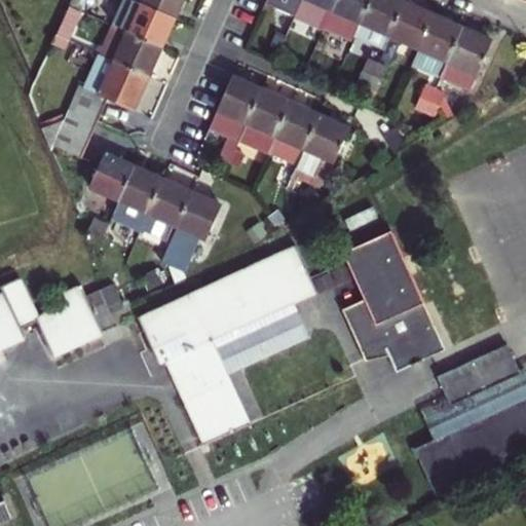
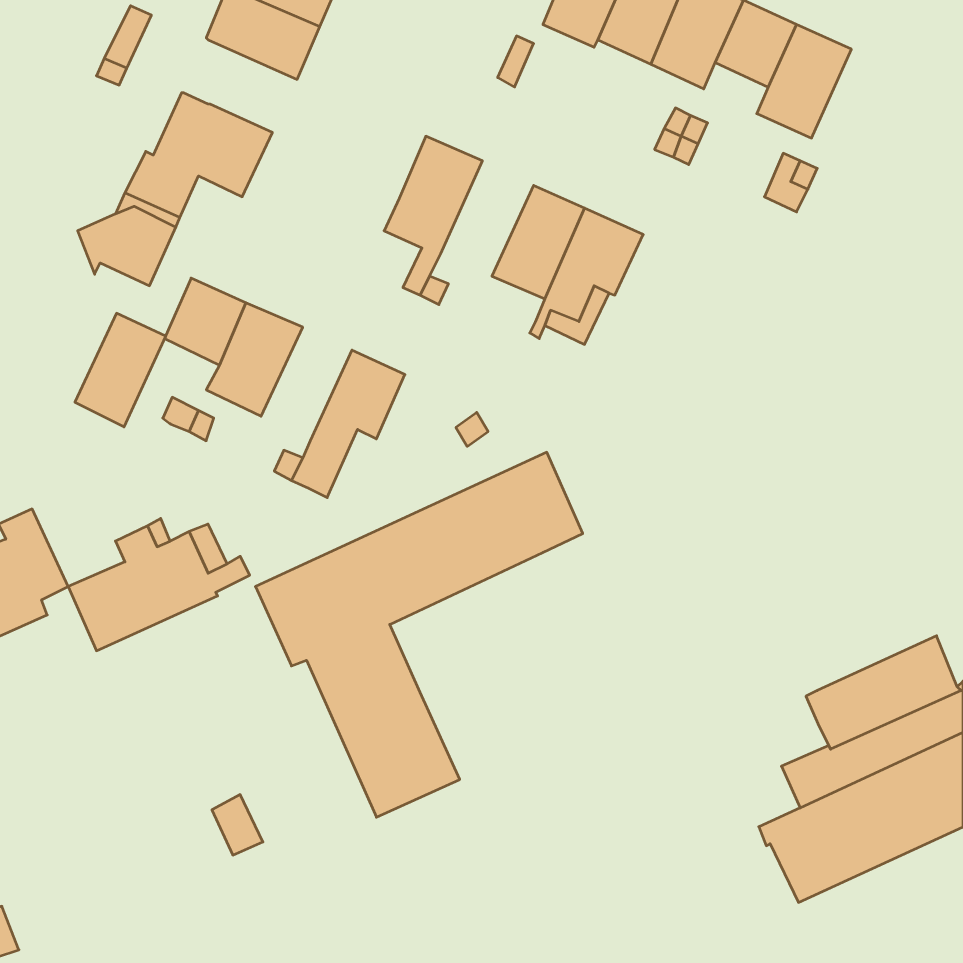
building: [100,22,161,73] -> none
building: [441,27,491,88] -> none
building: [239,87,290,150] -> none
building: [142,178,191,239] -> [75,313,166,427]
building: [343,231,446,373] -> none
building: [212,300,311,376] -> none

